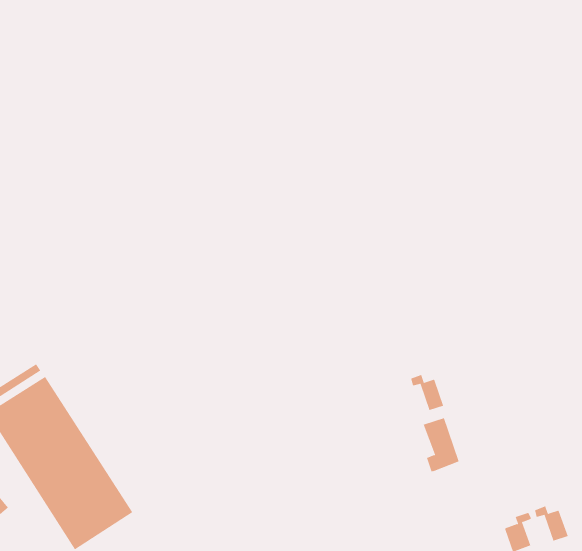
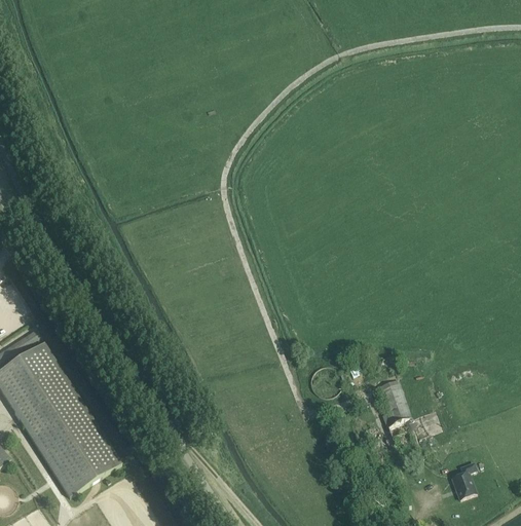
building: [411,374,444,411] -> none
building: [534,506,568,541] -> none

